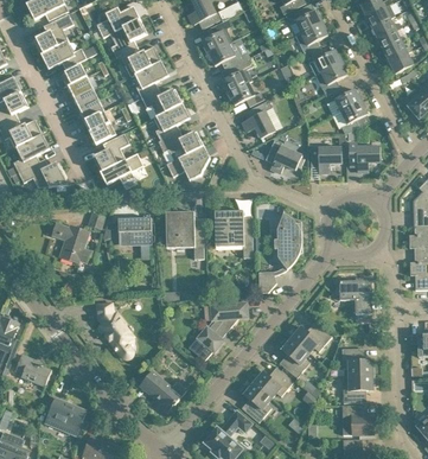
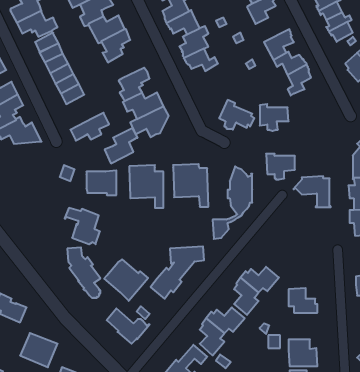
building: [305,47,343,75] -> none
building: [141,88,181,115] -> none
building: [242,100,274,138] -> none
building: [92,133,129,172] -> [105,128,138,163]
building: [347,144,379,172] -> [266,154,295,179]
building: [51,223,90,263] -> [65,208,100,244]
building: [330,280,371,314] -> [293,176,331,207]
building: none -> [104,259,148,301]
building: [341,375,375,402] -> none

